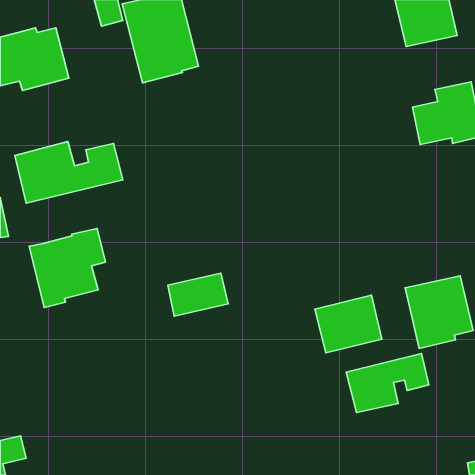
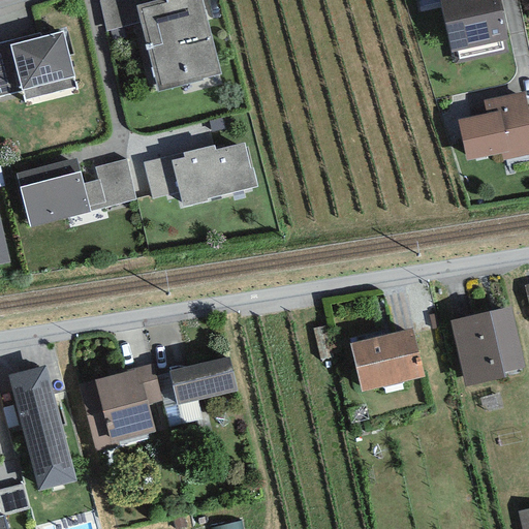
building: none -> [144,142,258,207]
building: [29,228,106,308] -> [80,363,164,450]
building: [168,273,228,316] -> [170,356,238,404]
building: none -> [8,364,76,491]
building: [346,354,429,413] -> none

